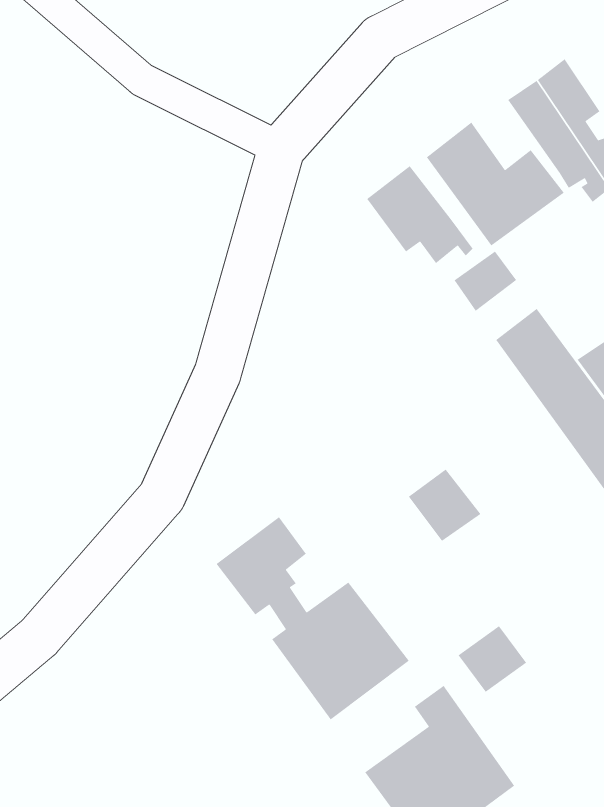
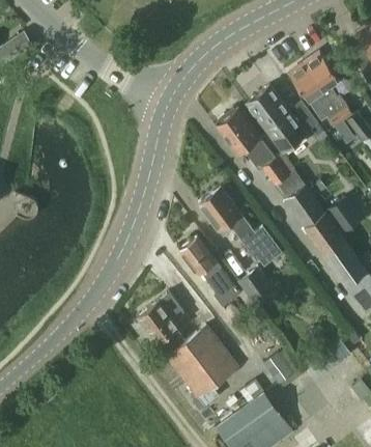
building: none -> [198,188,282,267]
building: none -> [179,236,240,306]

